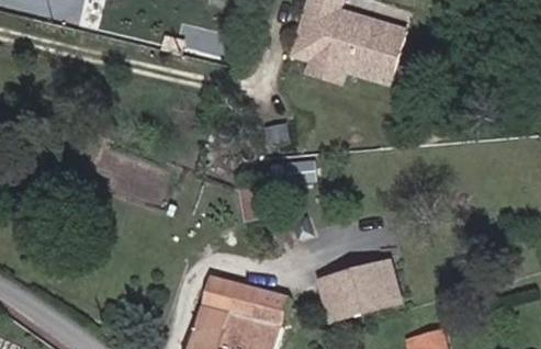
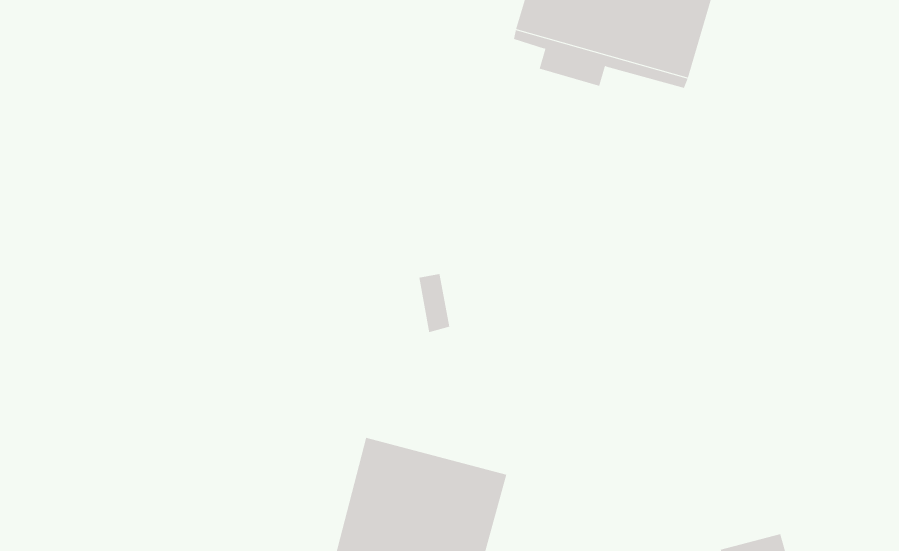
building: [320,262,399,318] -> none

